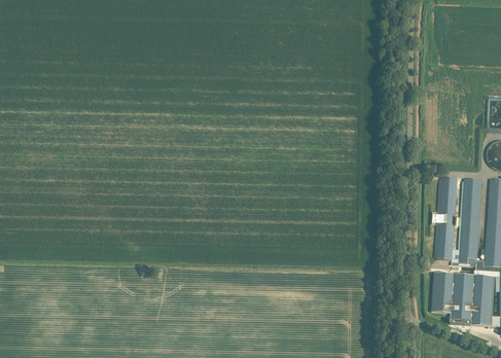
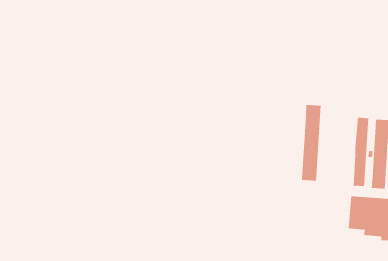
building: none -> [301,104,321,182]

